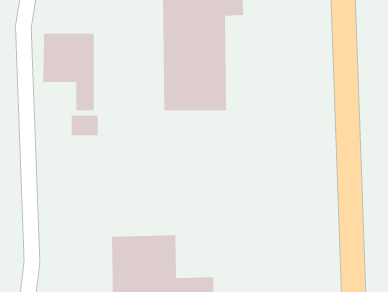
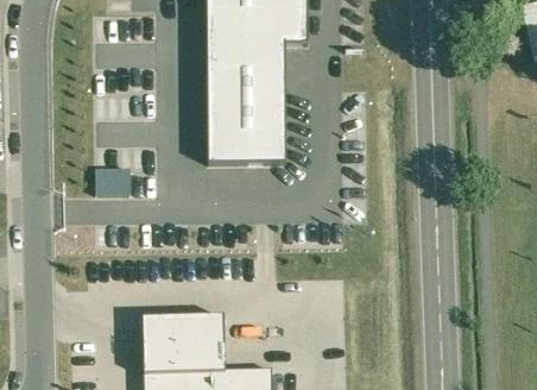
building: [43,33,94,111] -> none

